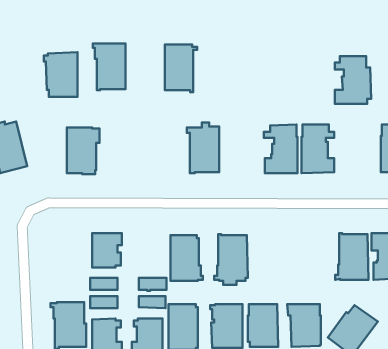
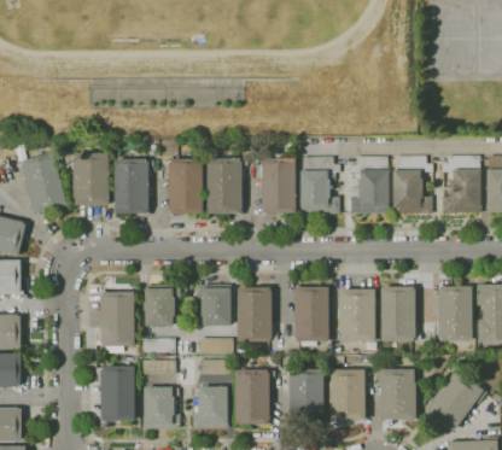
building: [93,44,125,90] -> [163,159,202,215]
building: [165,45,197,92] -> [206,158,245,215]
building: [44,52,77,97] -> [69,152,109,205]
building: [335,56,371,104] -> [440,156,484,212]
building: none -> [299,157,338,214]
building: none -> [194,285,229,326]
building: none -> [380,286,419,341]
building: none -> [338,288,374,341]
building: none -> [99,292,134,352]

